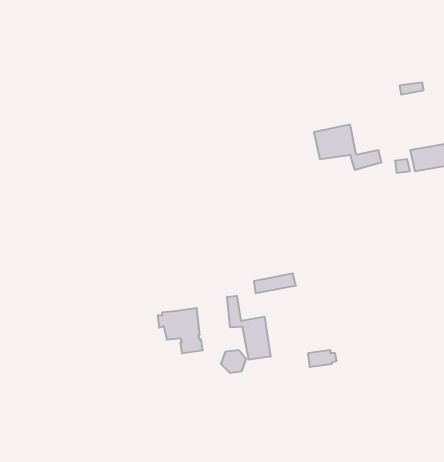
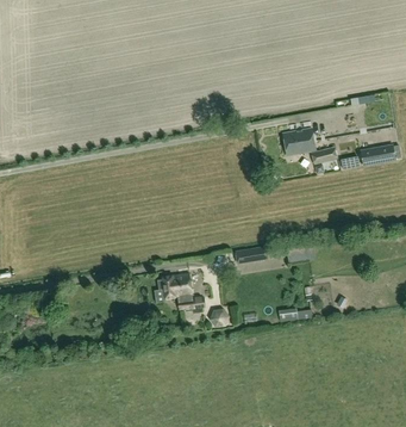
building: [227,296,271,360] -> none

